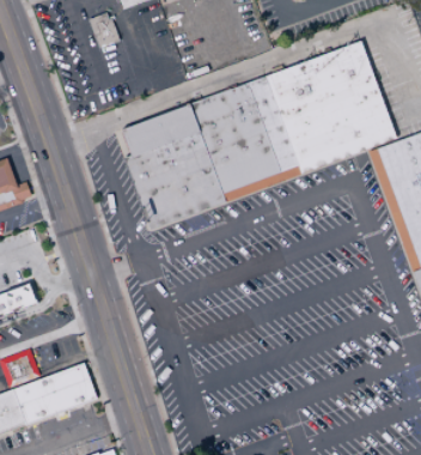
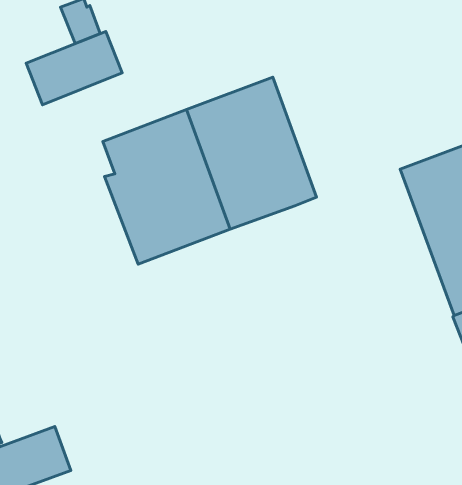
building: none -> [26,31,122,105]
building: [264,41,397,174] -> none

